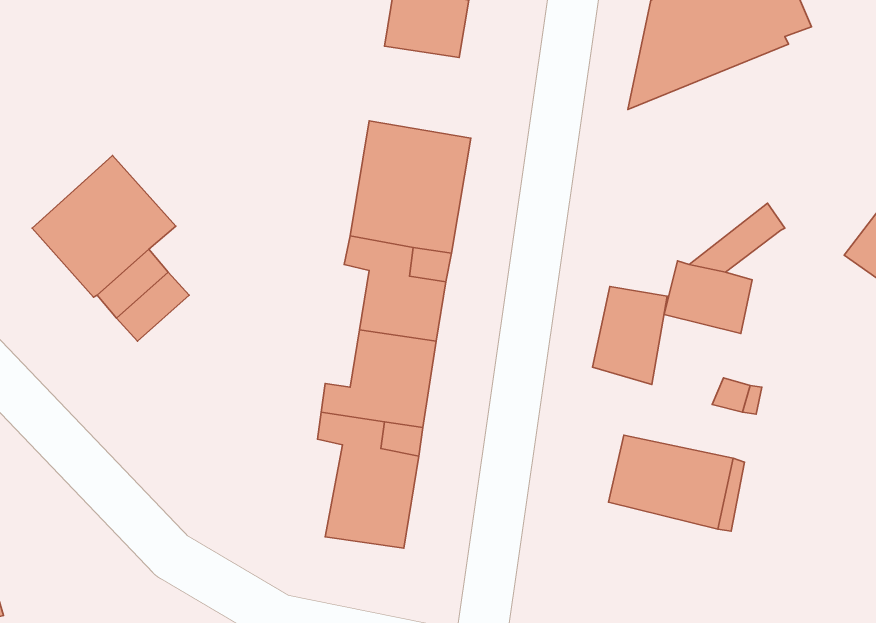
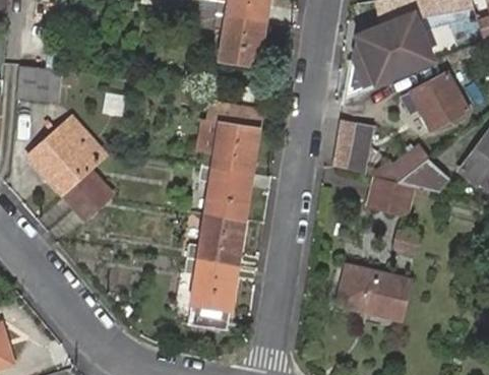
building: none -> [18,65,62,102]
building: none -> [405,71,471,129]
building: none -> [399,159,450,192]
building: [593,287,667,384] -> [332,121,372,173]

